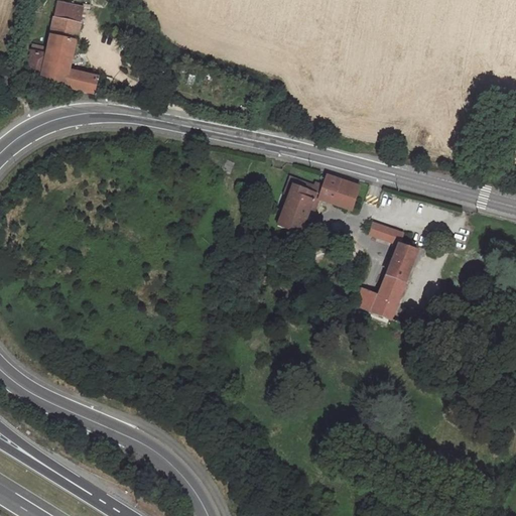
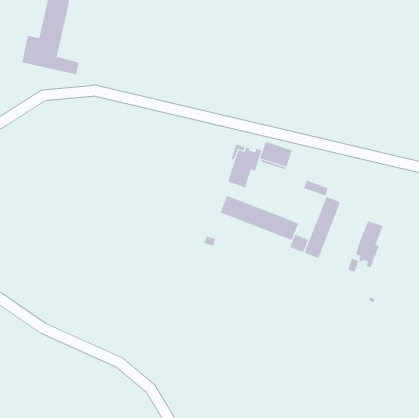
building: none -> [220,195,299,241]
building: none -> [355,220,383,268]

